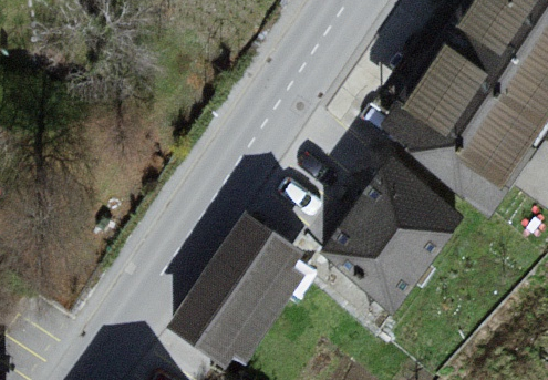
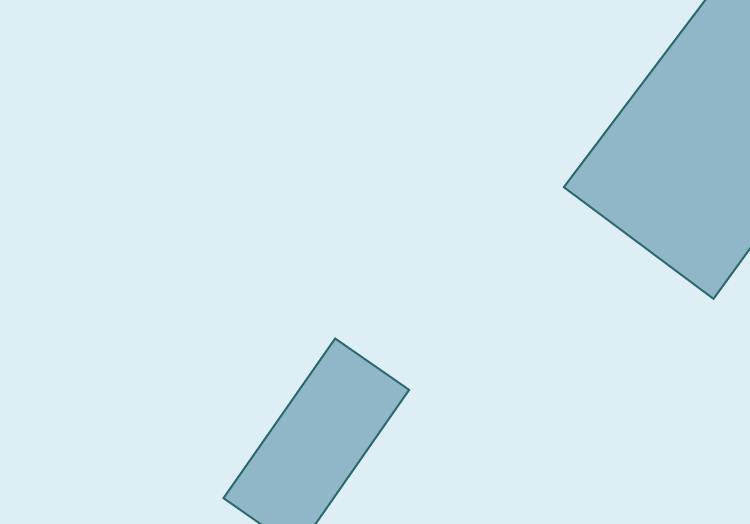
building: [322,179,452,310] -> none

